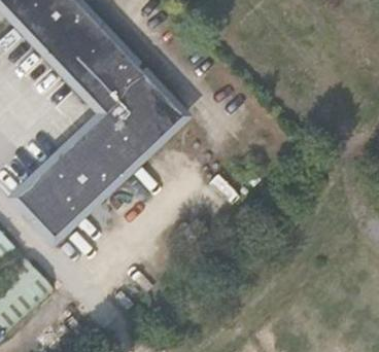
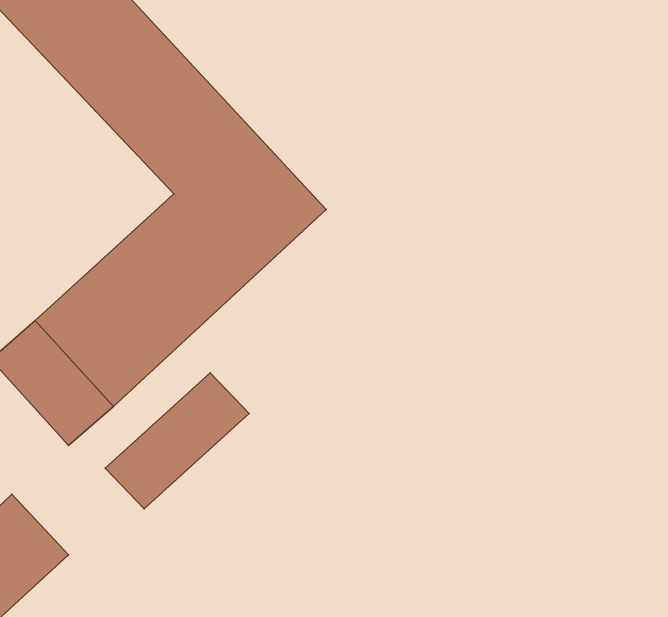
building: none -> [105,373,249,509]

